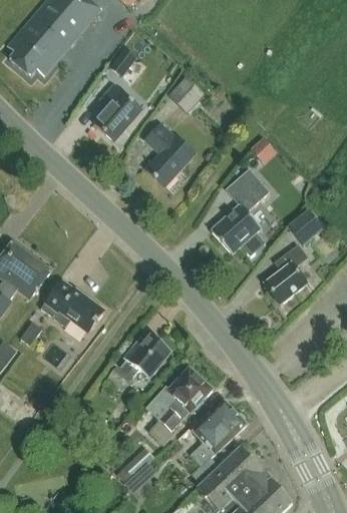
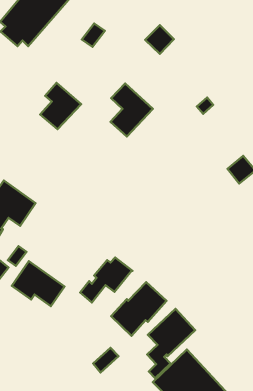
building: [168,78,204,113] -> [145,25,174,54]
building: [93,83,143,140] -> [40,83,81,129]
building: [210,166,269,254] -> none
building: [263,243,308,305] -> none
building: [41,279,106,334] -> [12,261,65,306]

